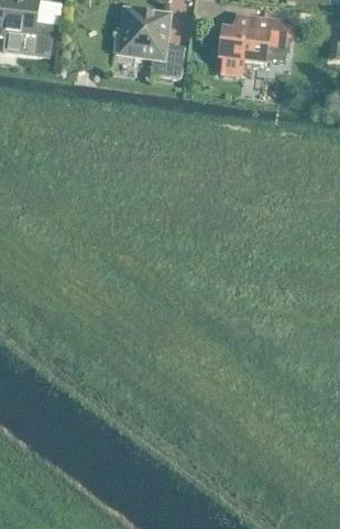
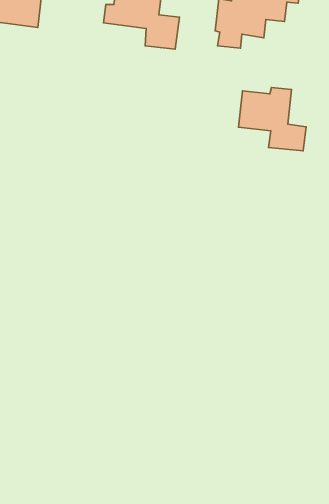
building: none -> [239,87,306,151]

